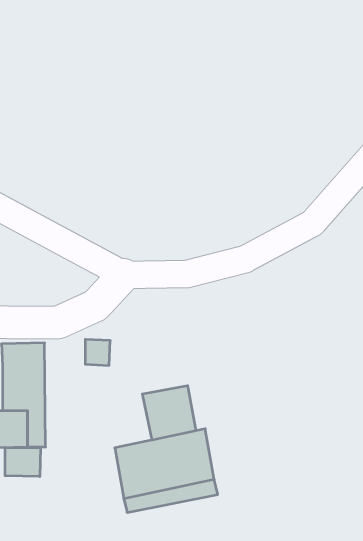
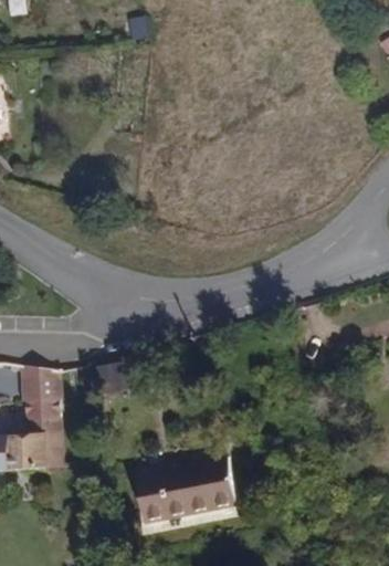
building: [142,386,196,440] -> none
building: [5,447,41,477] -> none

